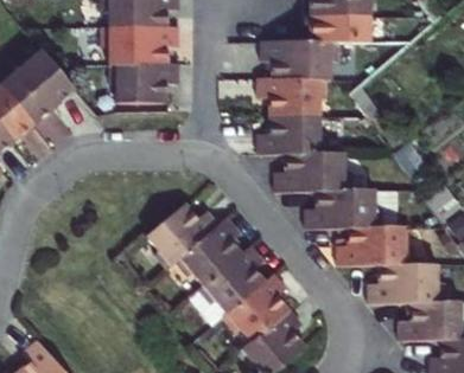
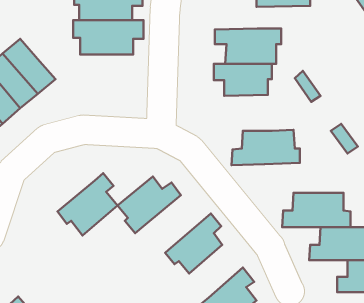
building: [307,9,369,36] -> none
building: [106,64,176,103] -> none
building: [259,111,325,153] -> none
building: [306,188,382,224] -> none
building: [178,218,247,289] -> [58,173,118,235]
building: [225,275,292,343] -> none

